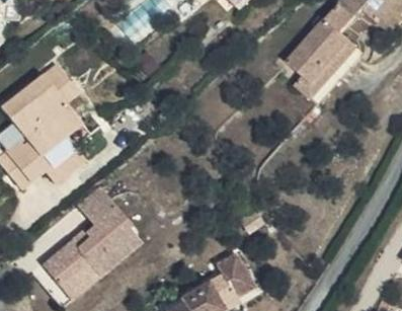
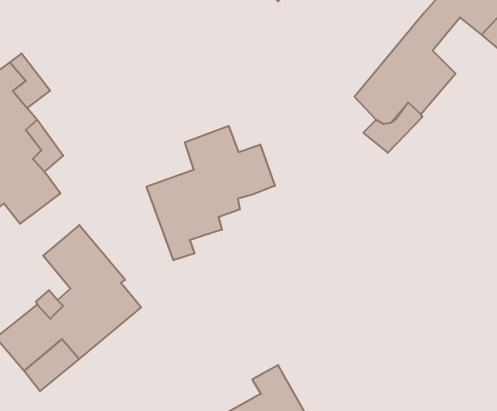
building: none -> [147,126,275,260]

